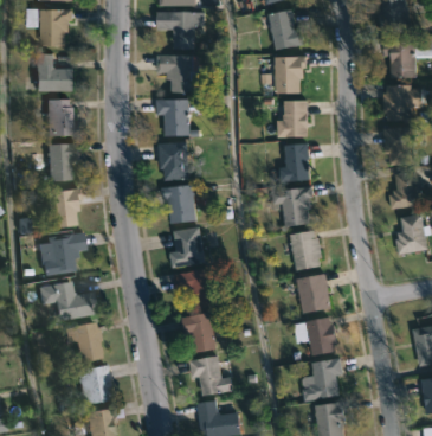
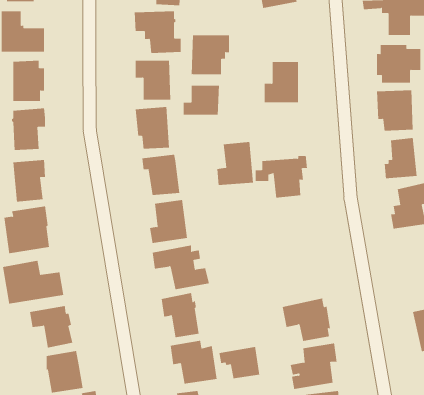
building: [276,56,311,92] -> [191,35,230,75]
building: none -> [183,85,219,116]
building: [279,142,314,182] -> [217,142,254,186]
building: [290,231,323,271] -> none
building: [297,272,334,314] -> none
building: none -> [219,346,260,379]

